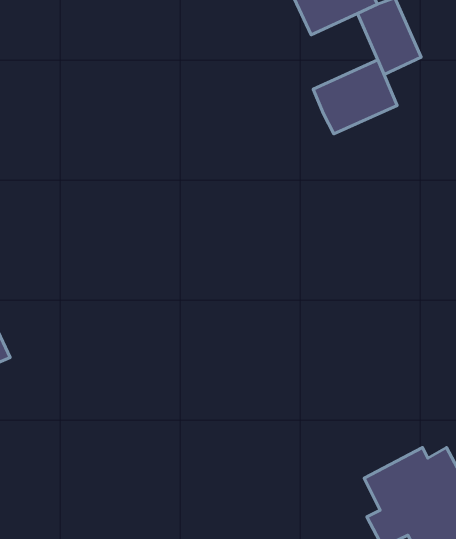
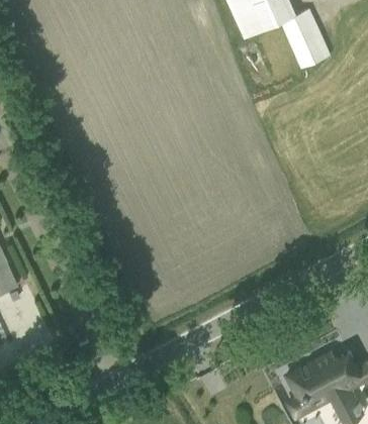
building: [313,60,397,134] -> none

